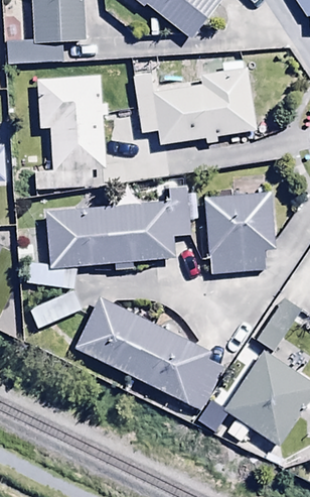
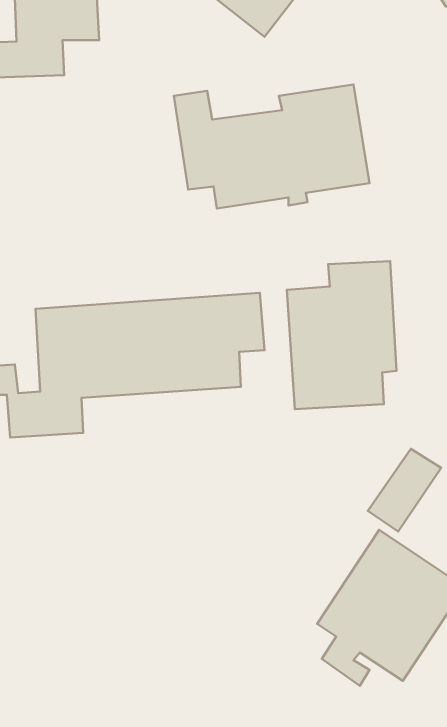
building: [35,76,109,189] -> none
building: [74,295,223,409] -> none

